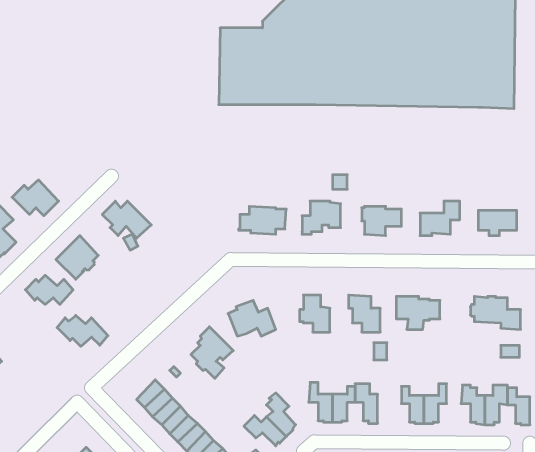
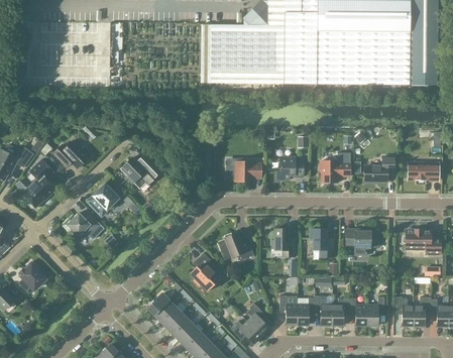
building: [57,315,108,346] -> none
building: none -> [332,297,350,326]

